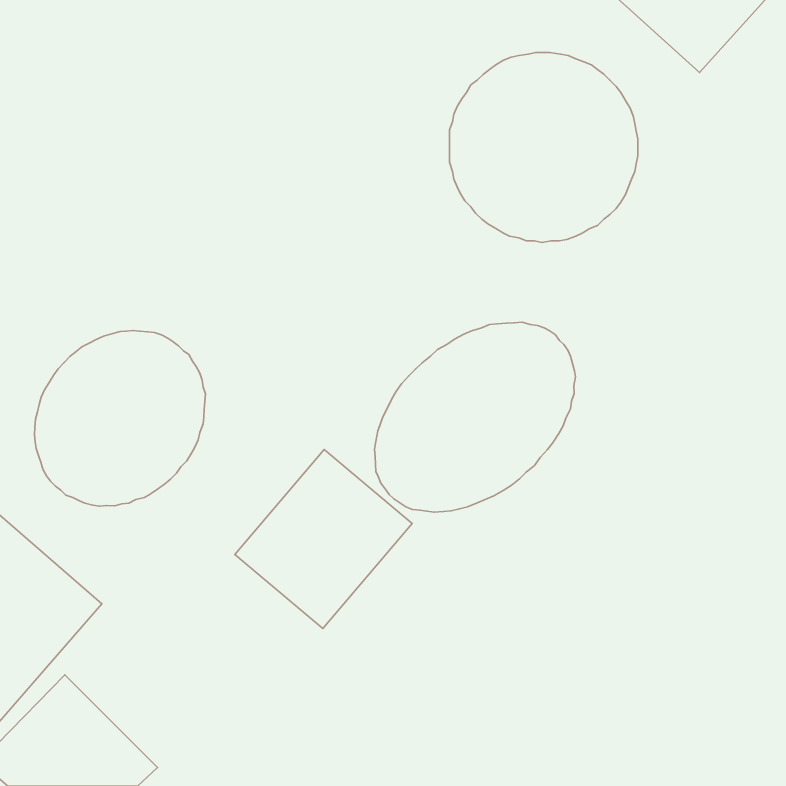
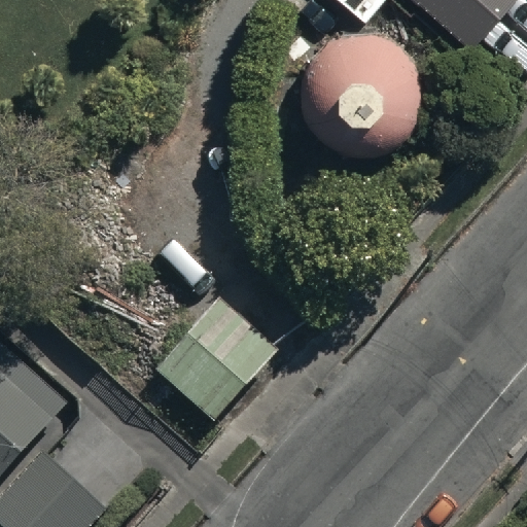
building: [375,322,575,512] -> none
building: [34,330,205,506] -> none

